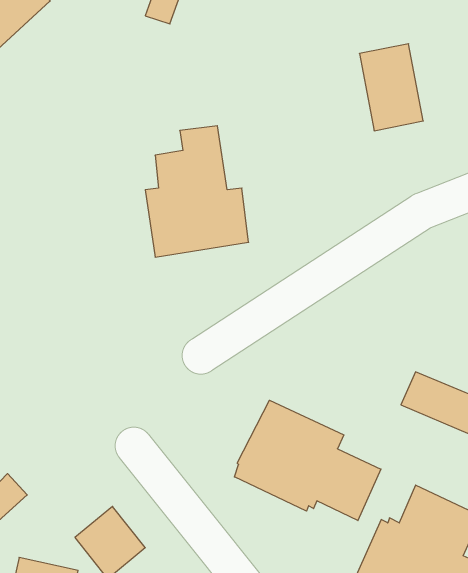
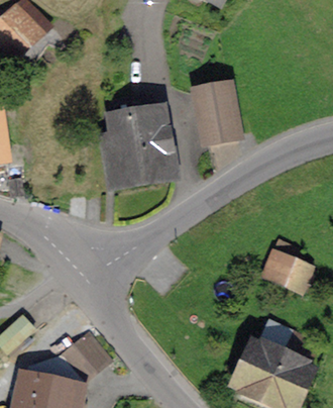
building: [359,44,423,131] -> [196,87,235,140]
building: [234,400,381,521] -> none

